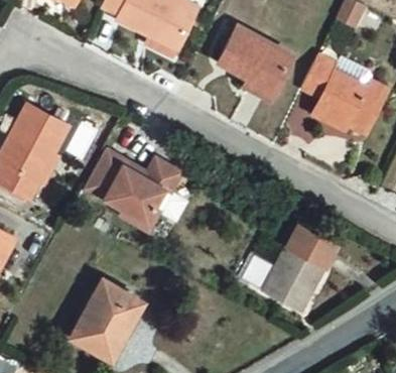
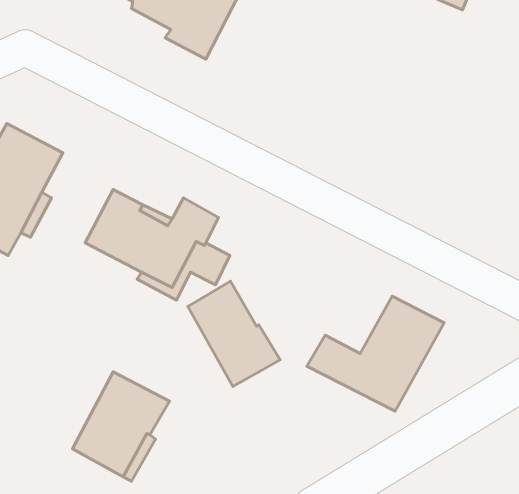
building: [219,26,292,99] -> none
building: [304,52,391,130] -> none
building: none -> [188,281,280,386]

